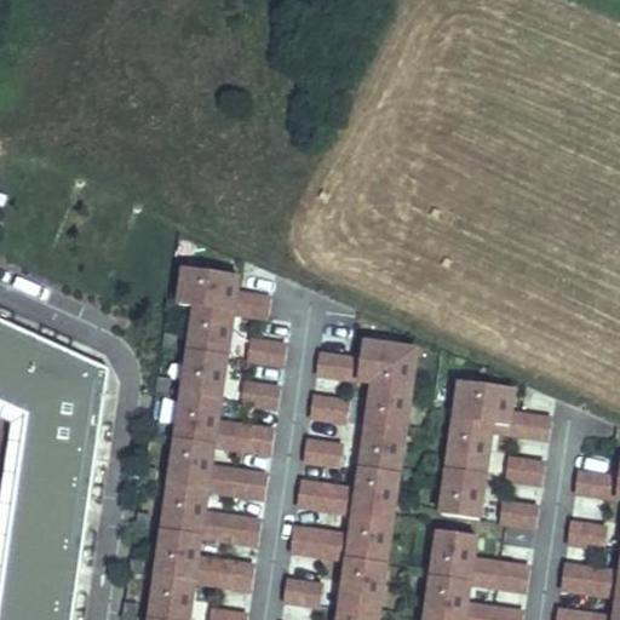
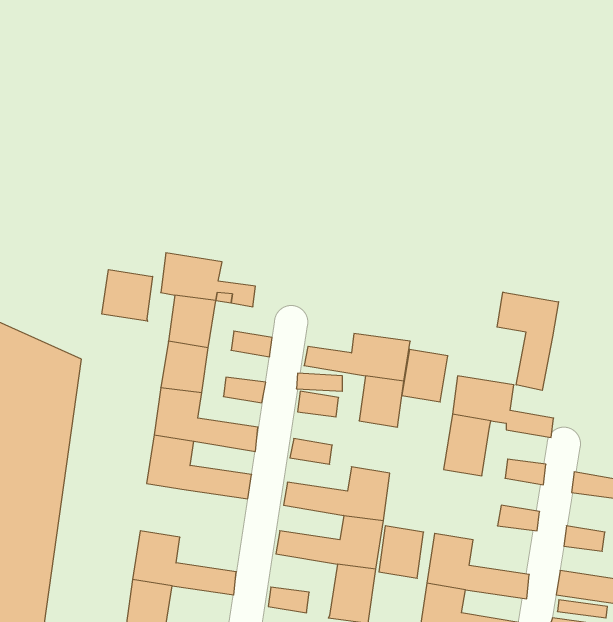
building: none -> [102,270,153,321]
building: none -> [497,292,559,390]
building: [360,423,403,472] -> [402,349,448,402]
building: [441,469,483,518] -> [379,526,424,578]
building: [160,482,258,542] -> none

